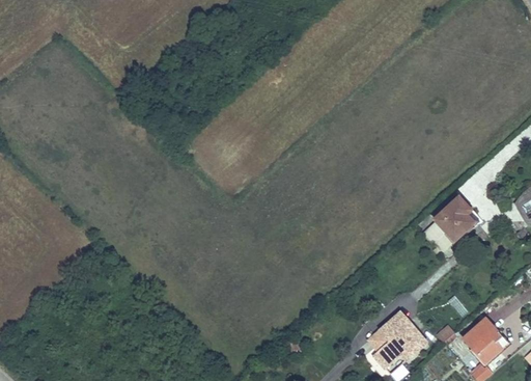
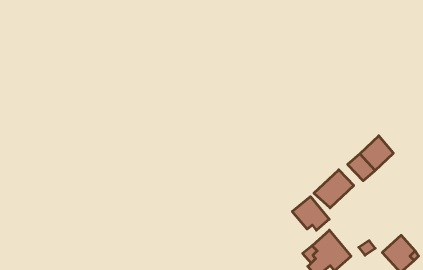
building: none -> [314,170,354,208]
building: none -> [292,197,329,230]

